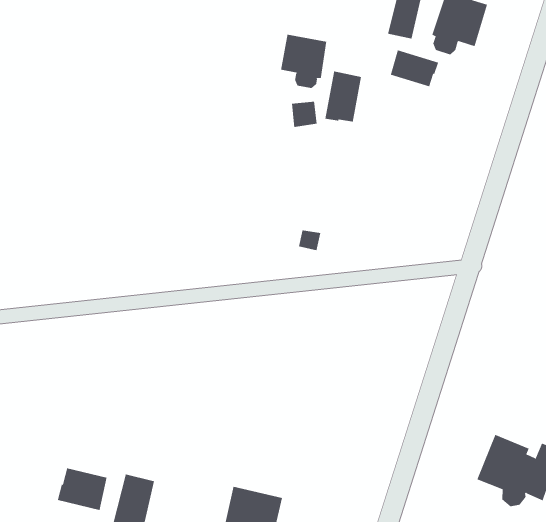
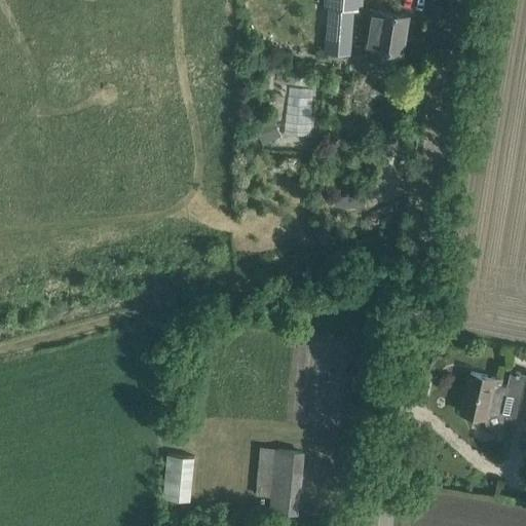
building: [280,34,327,89] -> none
building: [390,50,439,87] -> none
building: [57,468,107,511] -> none

